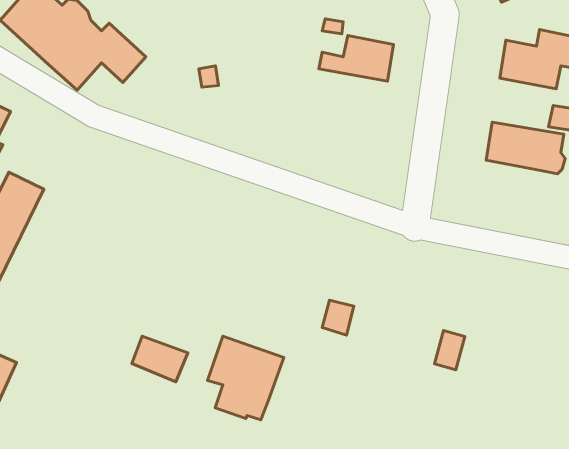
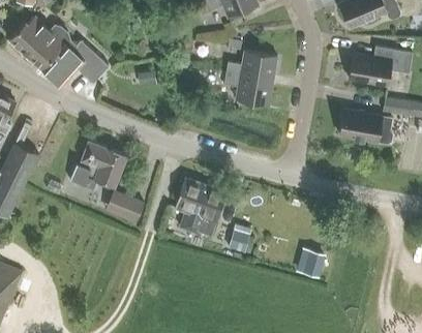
building: none -> [223,72,272,105]
building: none -> [69,141,126,190]
building: [132,336,188,382] -> [106,191,144,222]
building: [208,336,284,420] -> [175,178,227,235]

